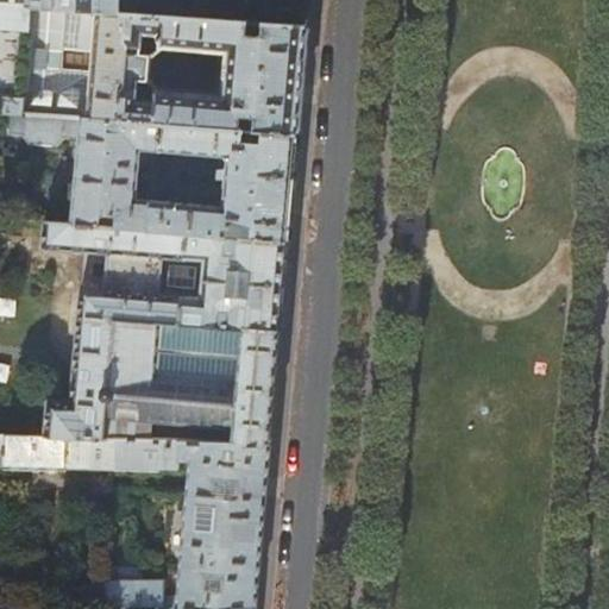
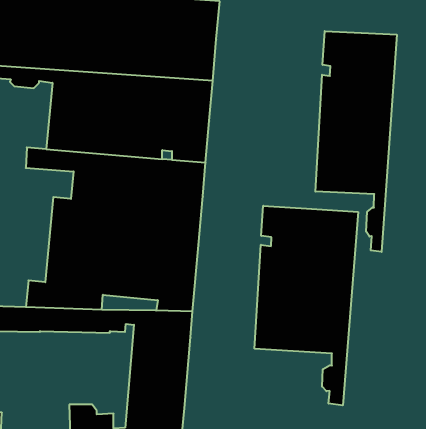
building: none -> [315,31,397,252]
building: none -> [255,206,358,405]

